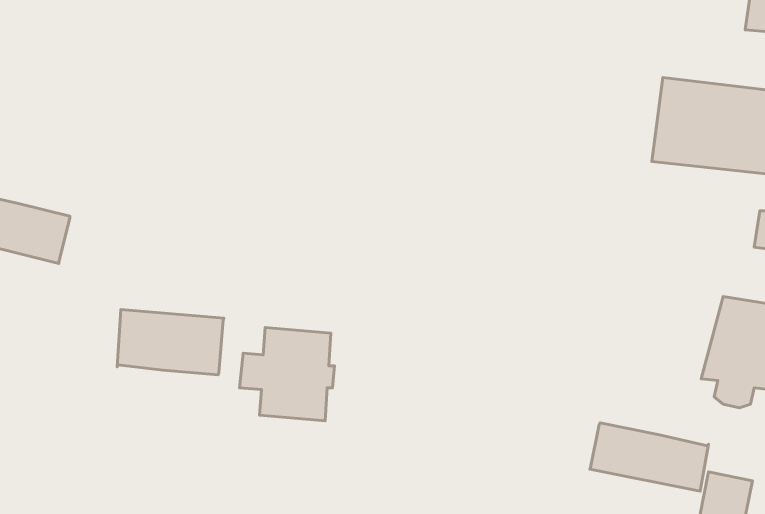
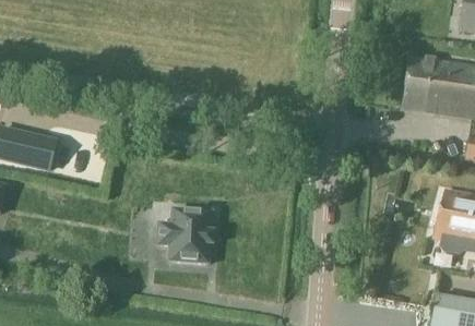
building: [117,310,224,375] -> none
building: [590,423,708,491] -> none

